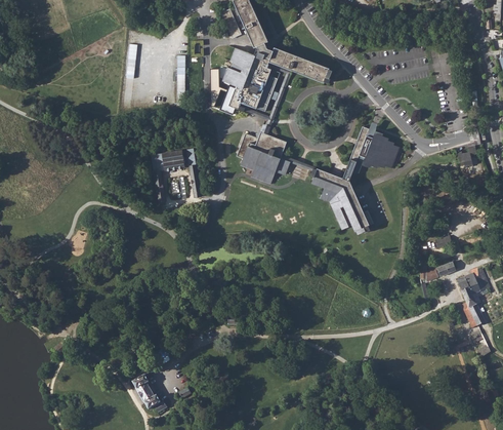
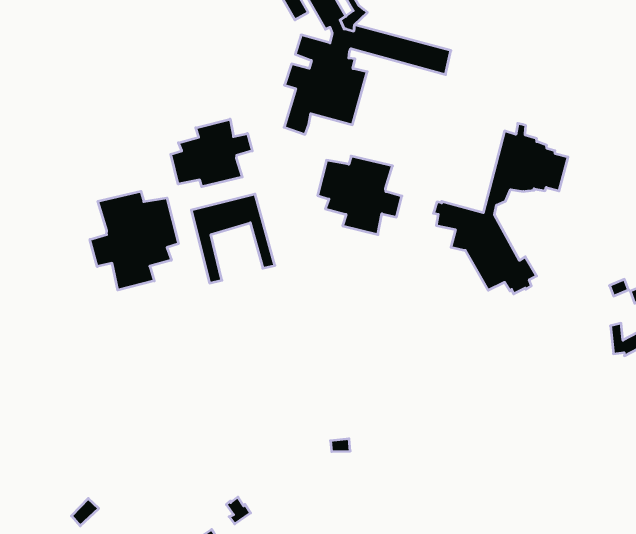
building: none -> [171,119,252,187]
building: none -> [90,191,178,290]

